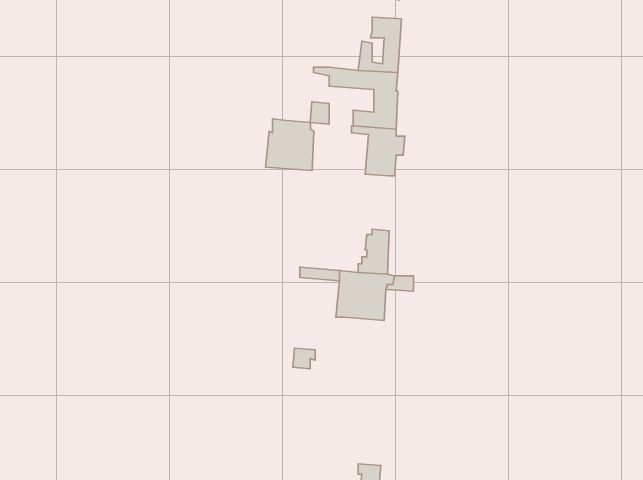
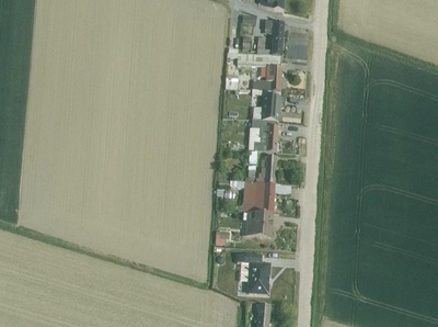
building: [266,119,314,171] -> [247,117,278,150]
building: none -> [243,210,273,235]
building: none -> [237,252,269,292]

